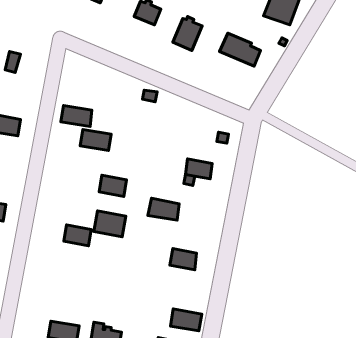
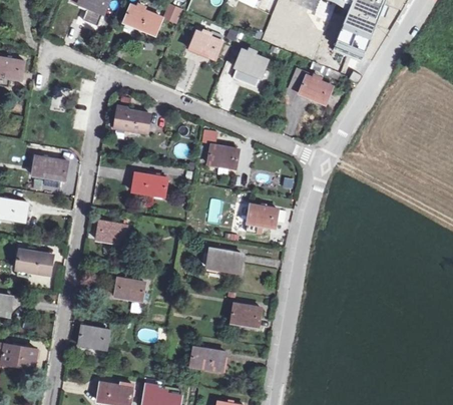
building: none -> [207,145,239,167]
building: [61,105,92,127] -> [115,108,149,131]
building: [99,175,127,196] -> [96,221,126,244]
building: [94,211,126,237] -> none
building: none -> [79,325,108,348]
building: [171,309,202,331] -> [190,346,224,370]

